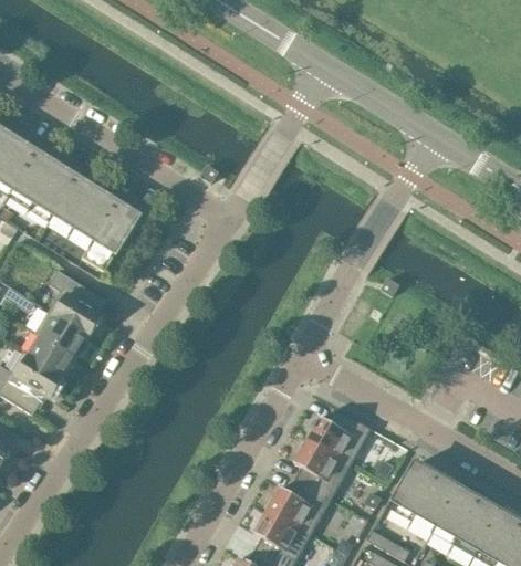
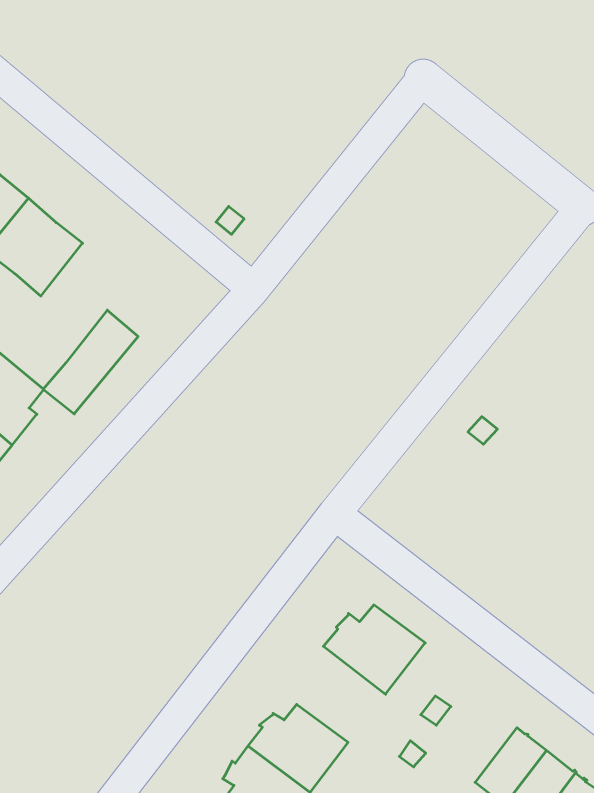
building: [81,201,137,271] -> [43,310,138,414]
building: [293,439,350,499] -> none
building: [393,462,437,513] -> none

